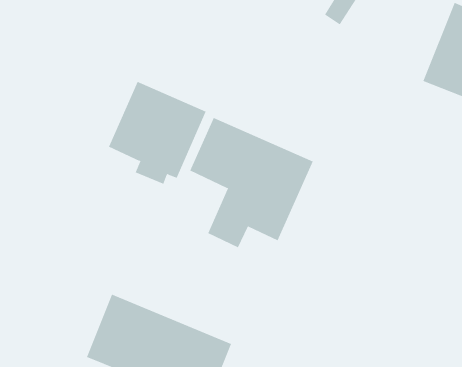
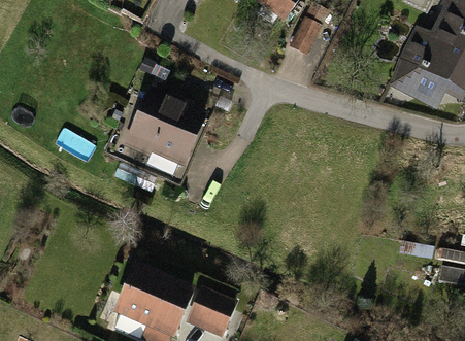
building: [190,117,314,248] -> none

